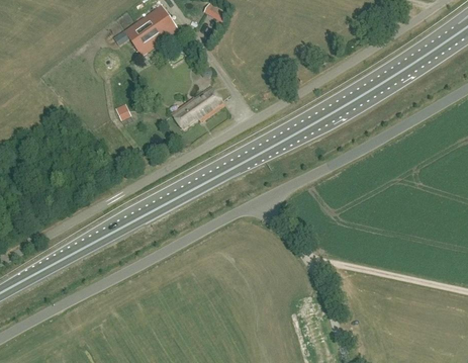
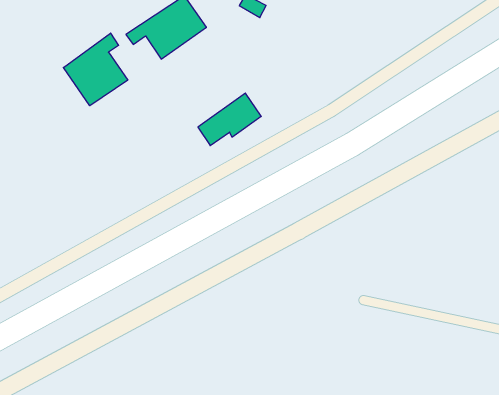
building: none -> [63,33,128,106]

